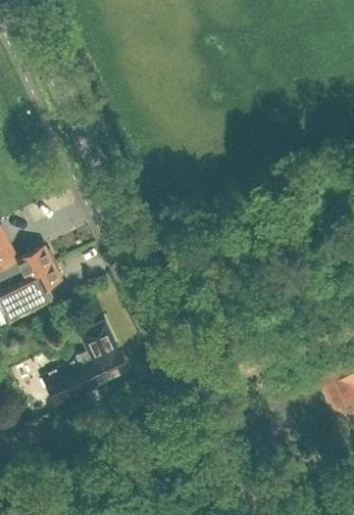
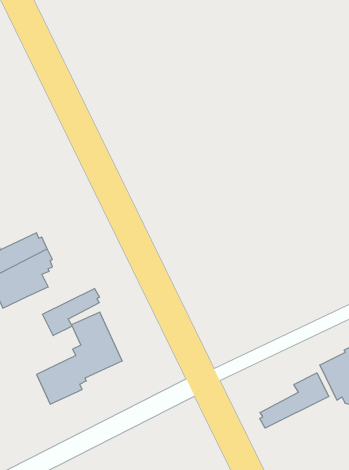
building: none -> [43,289,99,336]
building: none -> [260,373,329,428]

